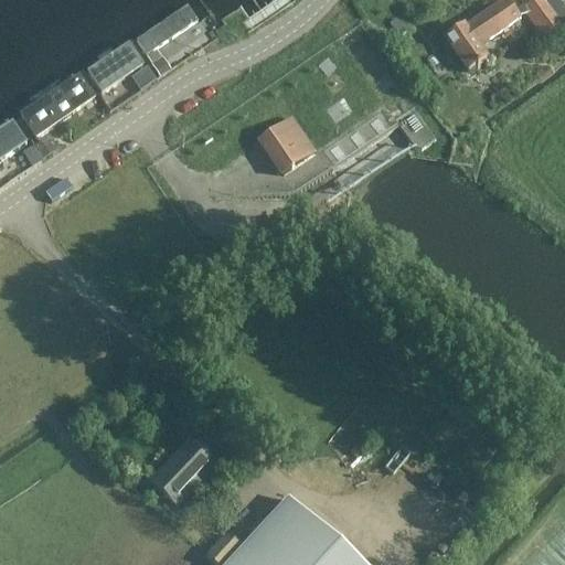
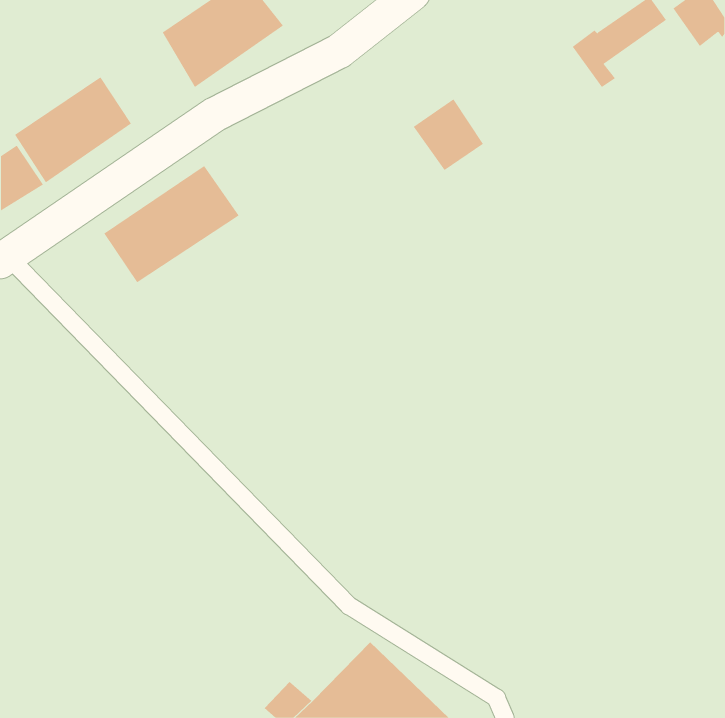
building: [81,31,151,98] -> none
building: [259,116,315,172] -> [413,98,484,171]
building: none -> [103,165,240,283]
building: [151,438,215,503] -> none

